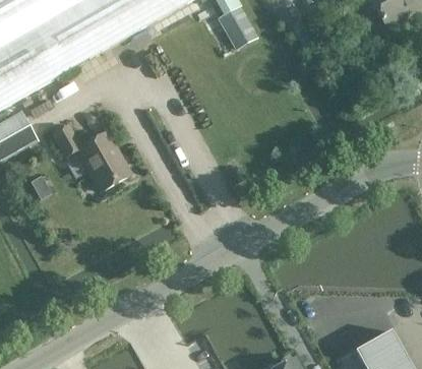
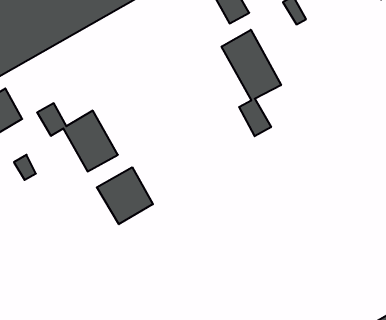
building: none -> [222,30,281,136]
building: none -> [97,167,153,224]

